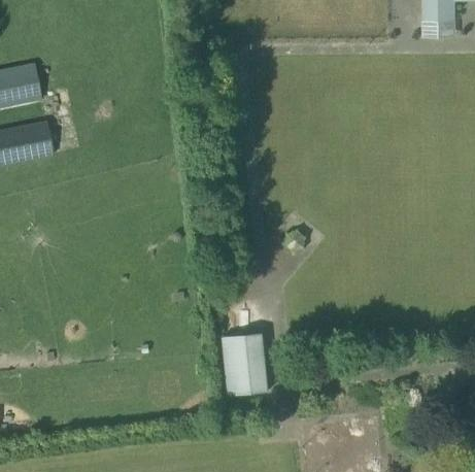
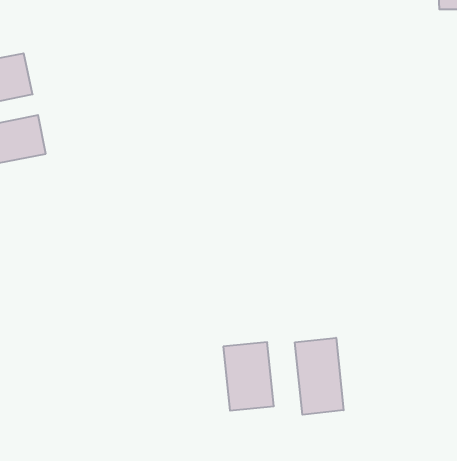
building: none -> [295,338,344,415]

